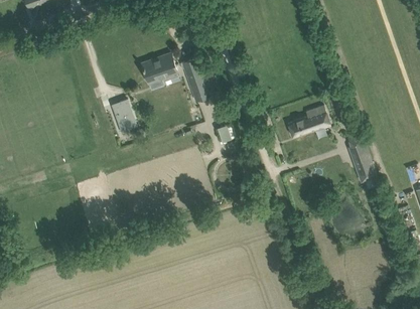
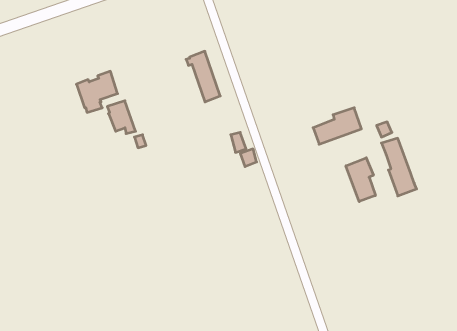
building: [140,52,175,88] -> [76,71,118,112]
building: none -> [346,158,375,202]

